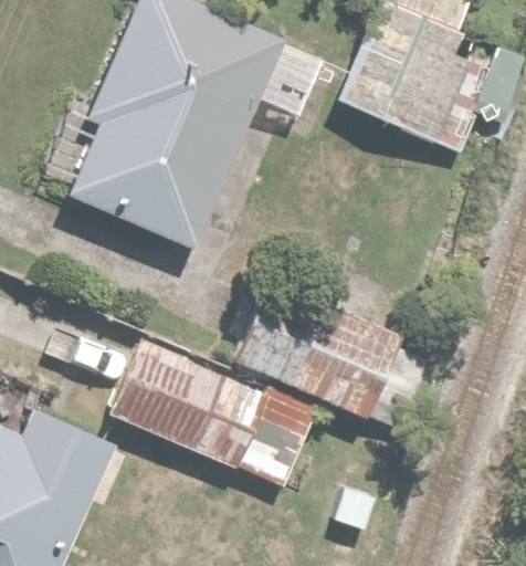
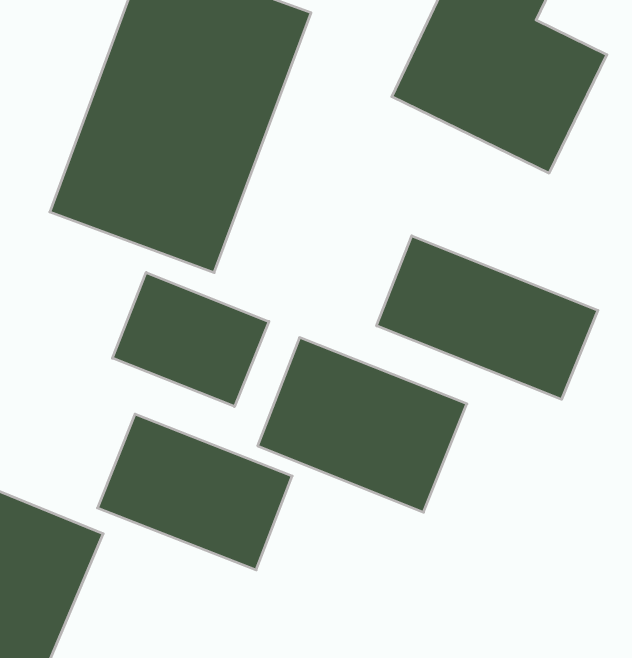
building: none -> [377,236,598,399]
building: none -> [112,272,269,407]

